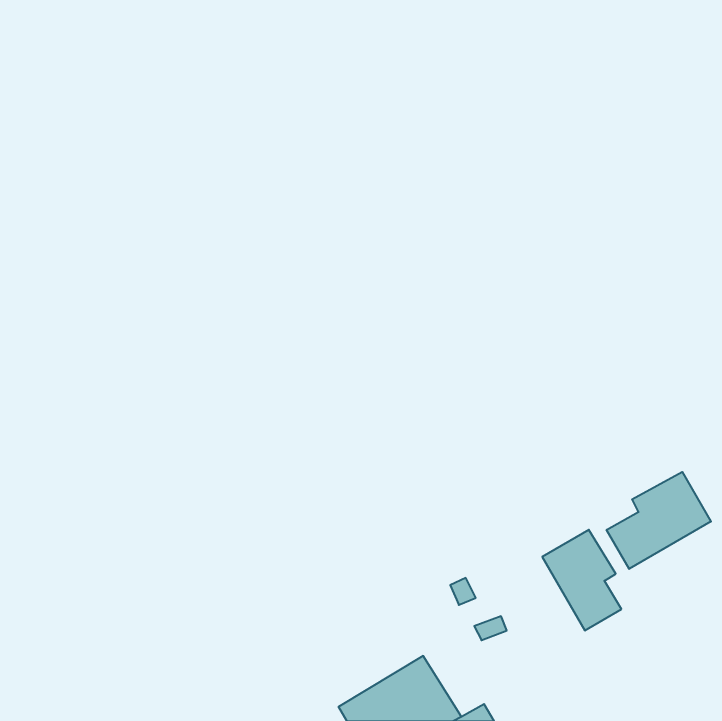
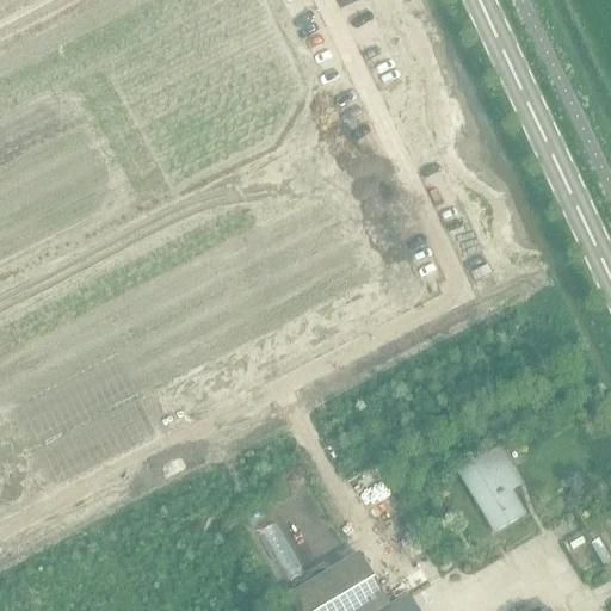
building: [607,472,711,569] -> none

